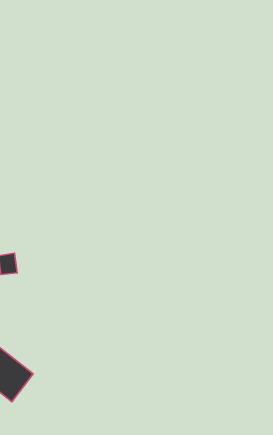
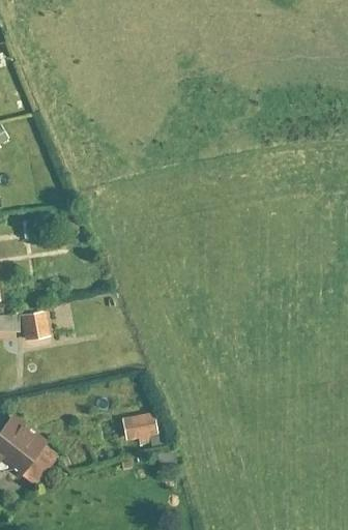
building: none -> [123,414,158,440]

